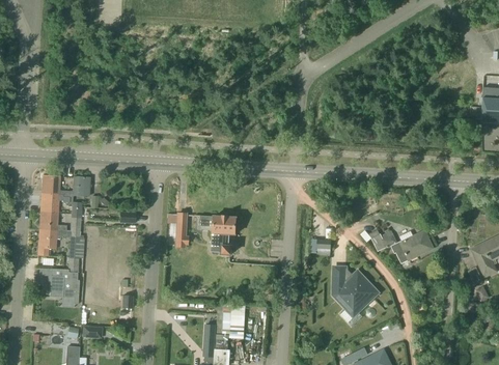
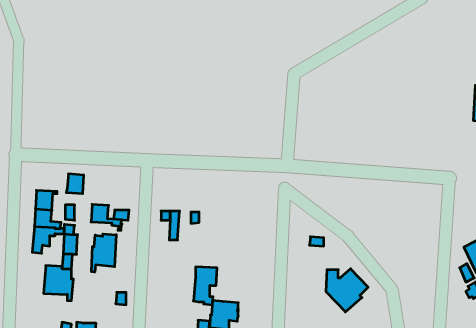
building: [41,175,73,201] -> [91,204,122,230]
building: [212,216,235,254] -> [193,267,217,305]
building: [372,231,432,262] -> none
building: none -> [92,234,116,272]

